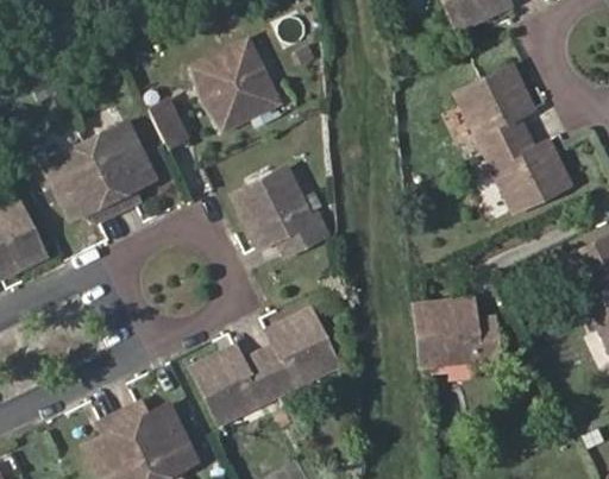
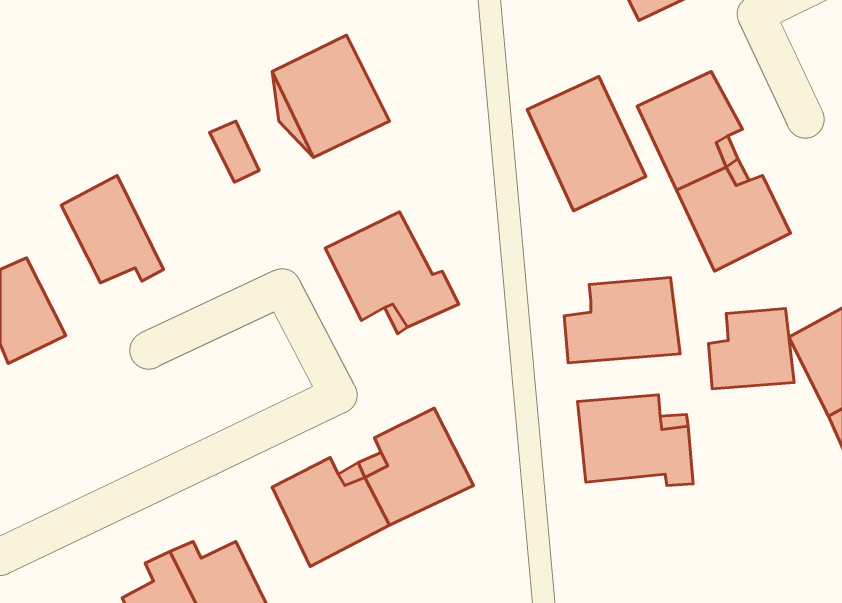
building: none -> [527,77,646,211]
building: [84,121,158,209] -> none
building: none -> [564,278,680,363]
building: none -> [709,309,794,389]

